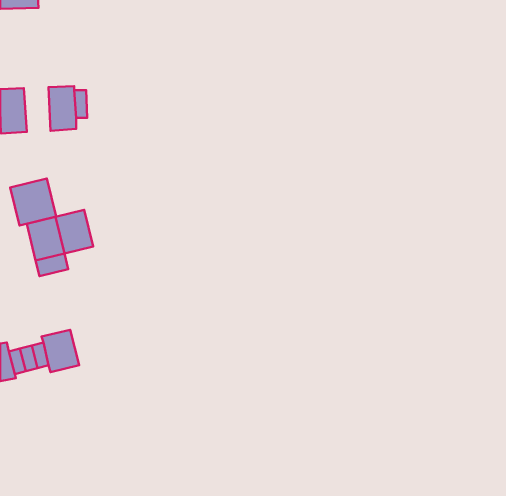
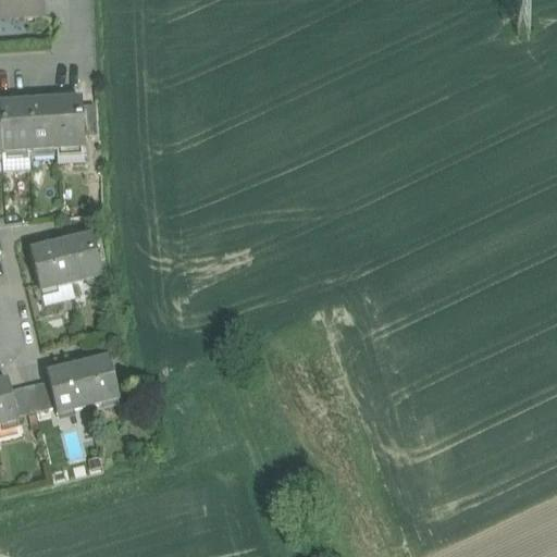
building: none -> [26,96,55,145]
building: [10,179,56,226] -> none
building: none -> [77,354,119,401]

